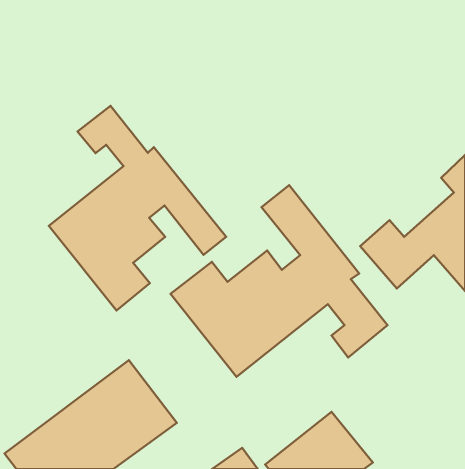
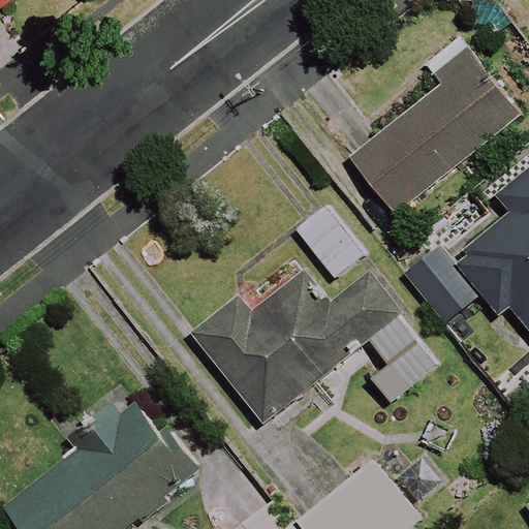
building: none -> [349,37,518,214]
building: [49,106,226,311] -> none

